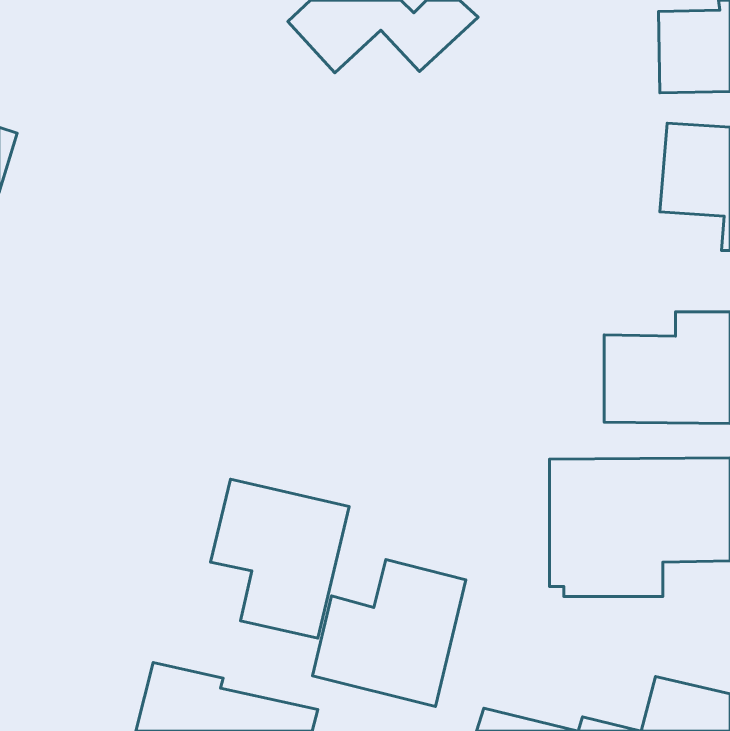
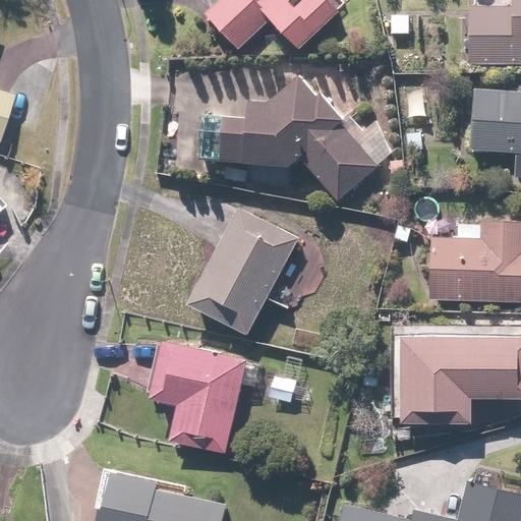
building: none -> [220,76,378,200]
building: none -> [189,208,300,337]
building: [312,559,466,707] -> none

